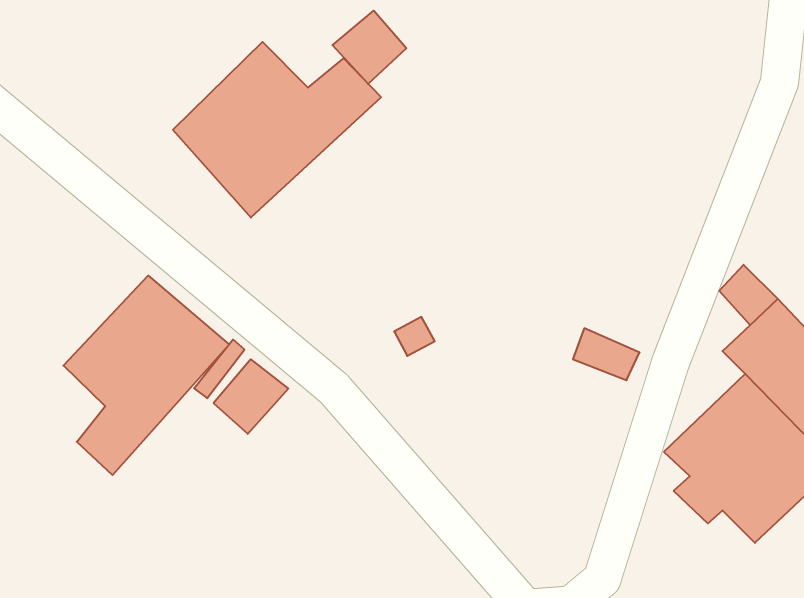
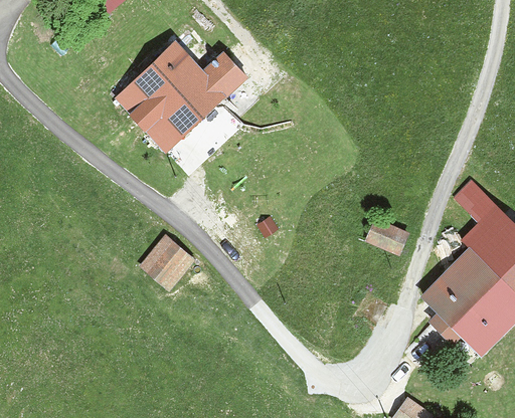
building: [332,11,406,84] -> none
building: [63,276,229,475] -> none

